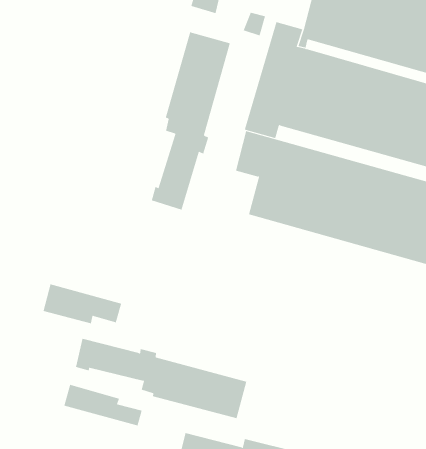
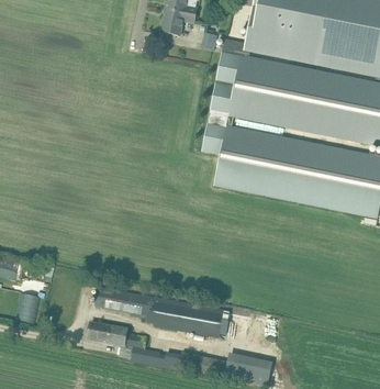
building: [151,32,230,211] -> none
building: [43,284,122,324] -> none

